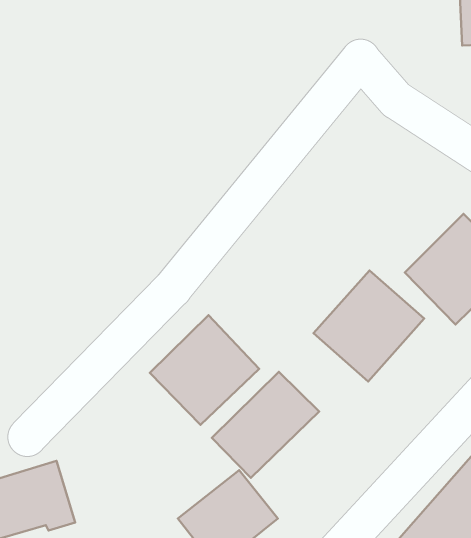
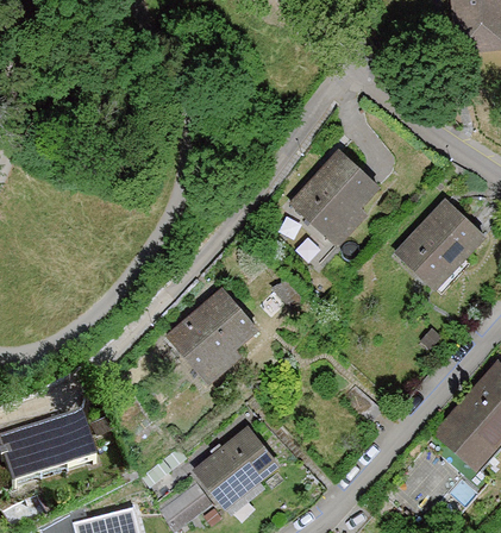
building: [313,270,424,381] -> [289,149,388,247]
building: [212,372,319,478] -> none

